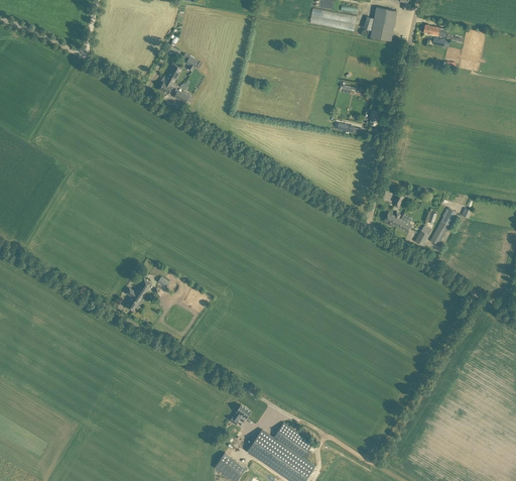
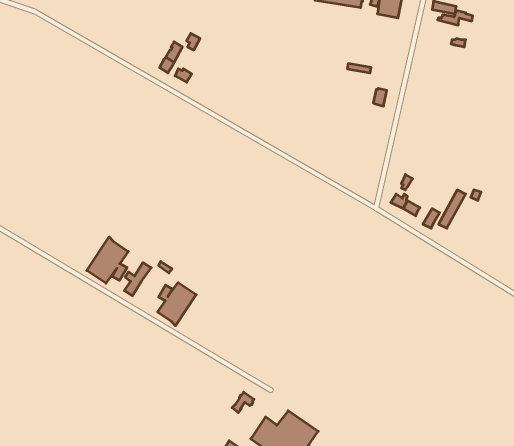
building: none -> [87,237,128,283]
building: none -> [158,283,196,326]

